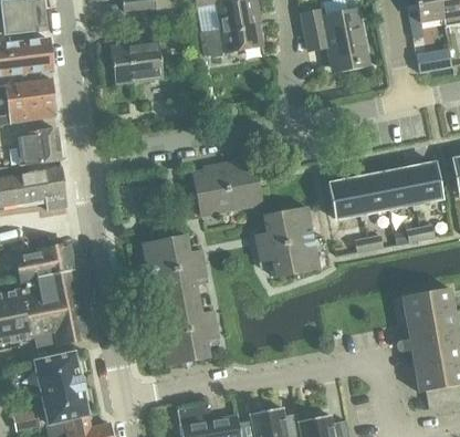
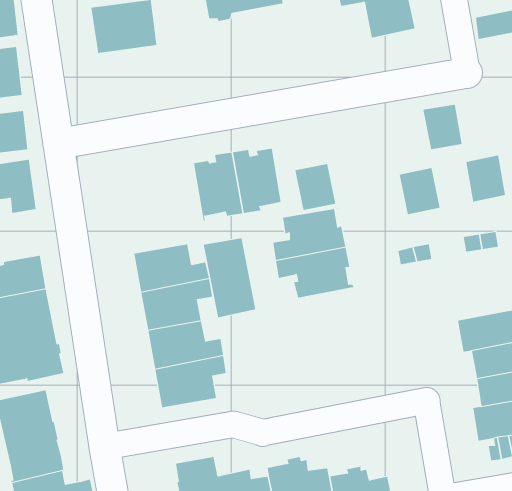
building: [381,169,414,206] -> [422,104,463,150]
building: [328,179,362,217] -> [294,163,336,211]
building: none -> [203,238,256,318]

